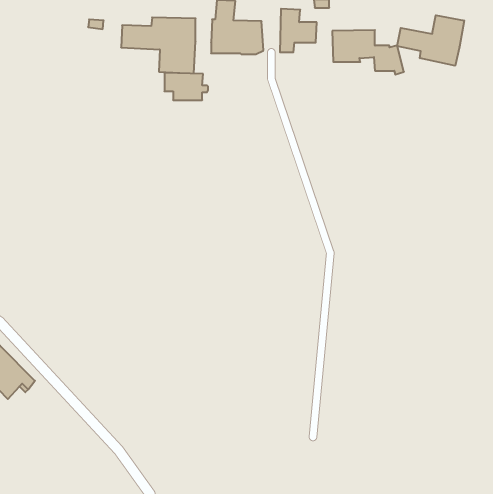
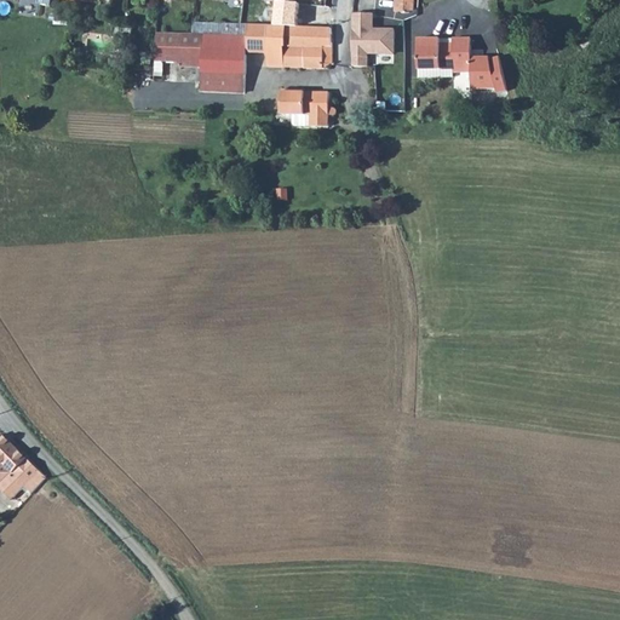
building: [397,15,464,66] -> none
building: none -> [245,23,265,53]
building: [164,73,208,100] -> [279,91,333,125]

